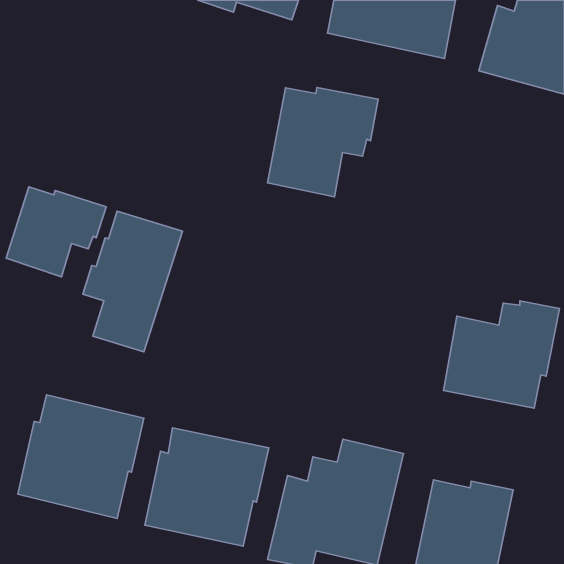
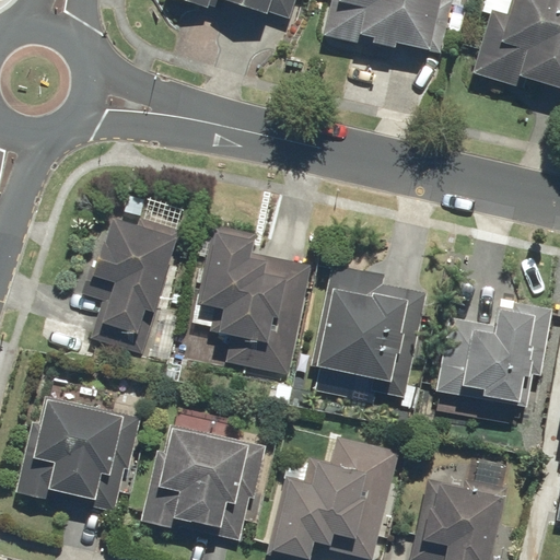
building: [268,88,378,197] -> none
building: [6,187,106,277] -> none
building: none -> [199,222,311,374]
building: none -> [313,260,427,397]

